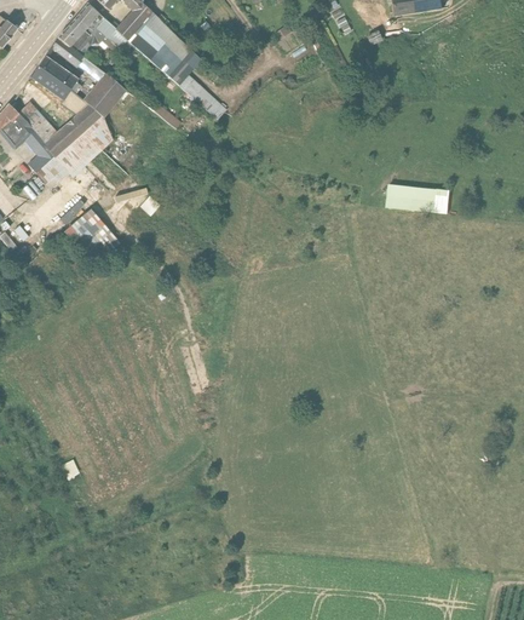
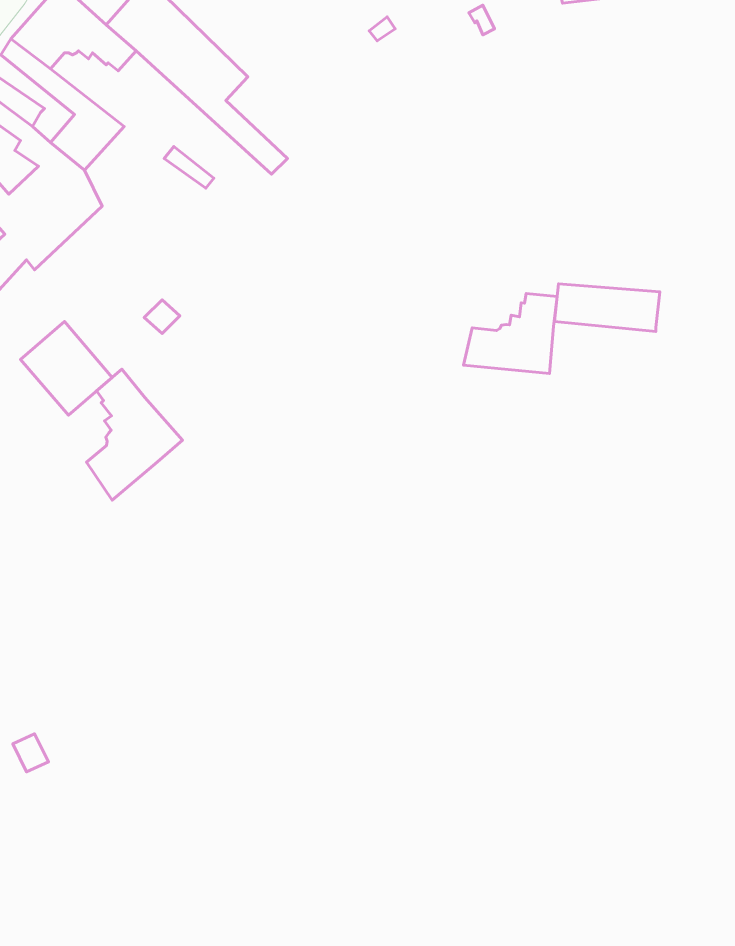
building: none -> [463,293,557,374]
building: none -> [87,369,182,500]

